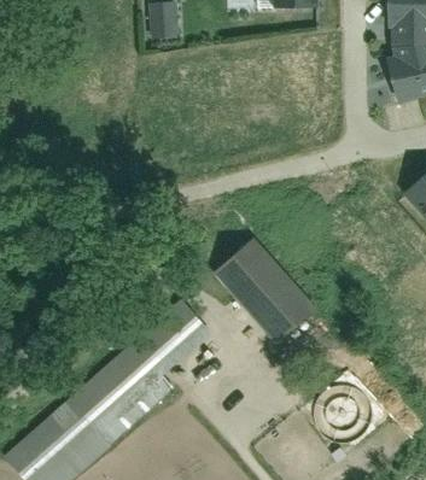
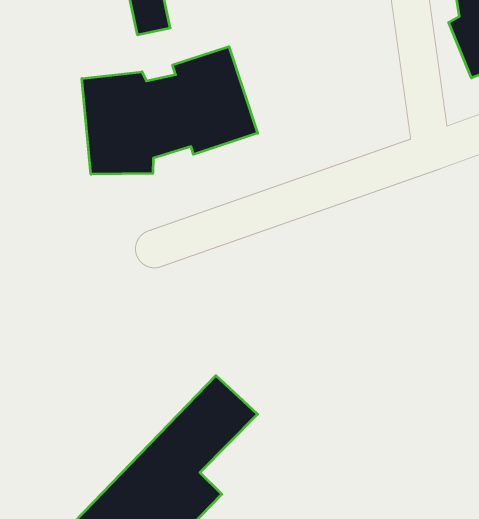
building: none -> [82,47,258,174]
building: [211,233,311,341] -> none

